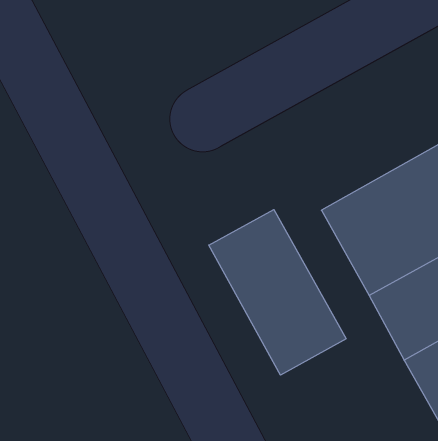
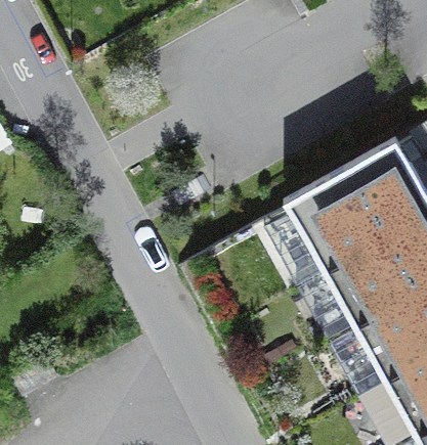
building: [209,210,346,375] -> none

